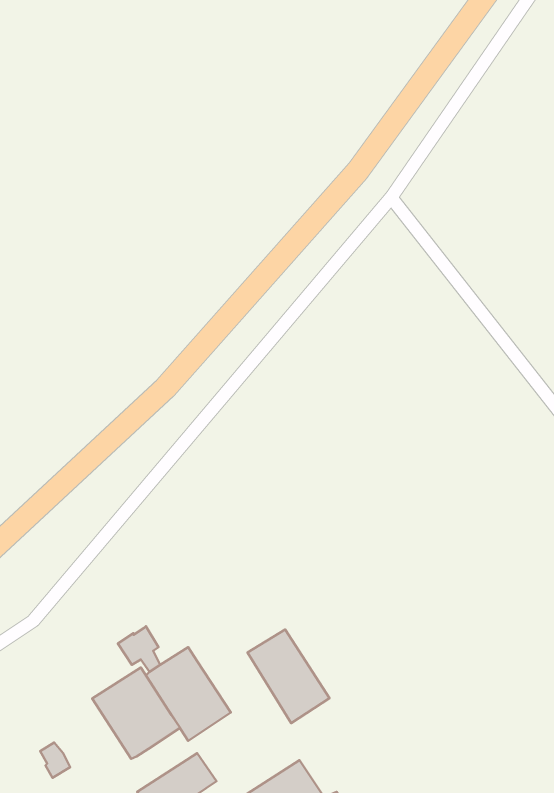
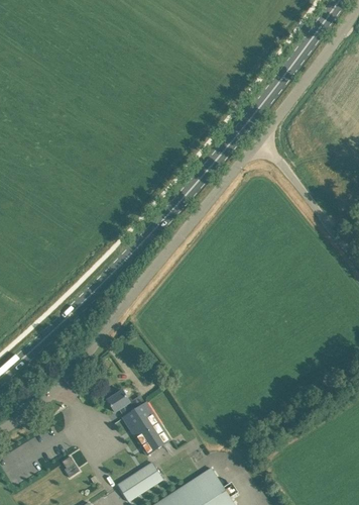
building: [248,630,330,723] -> none
building: [92,668,180,759] -> none

